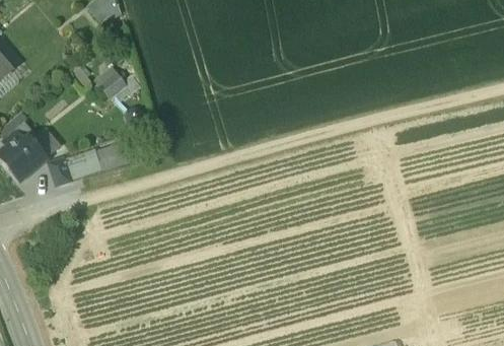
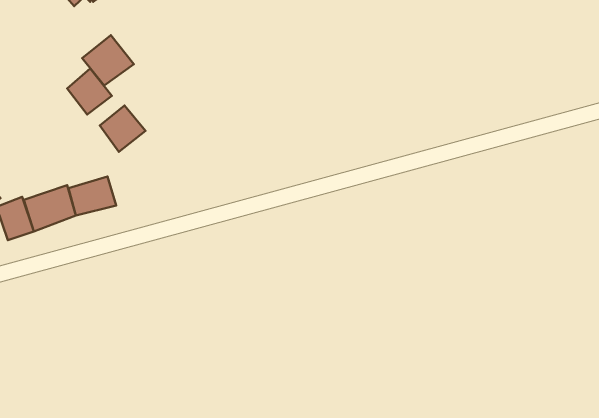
building: none -> [82,35,134,86]
building: none -> [100,105,145,152]

